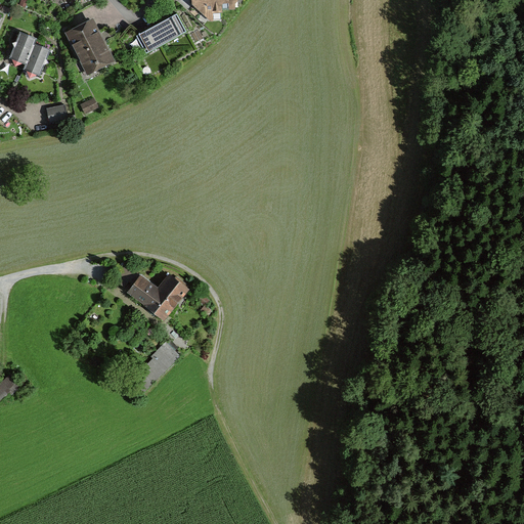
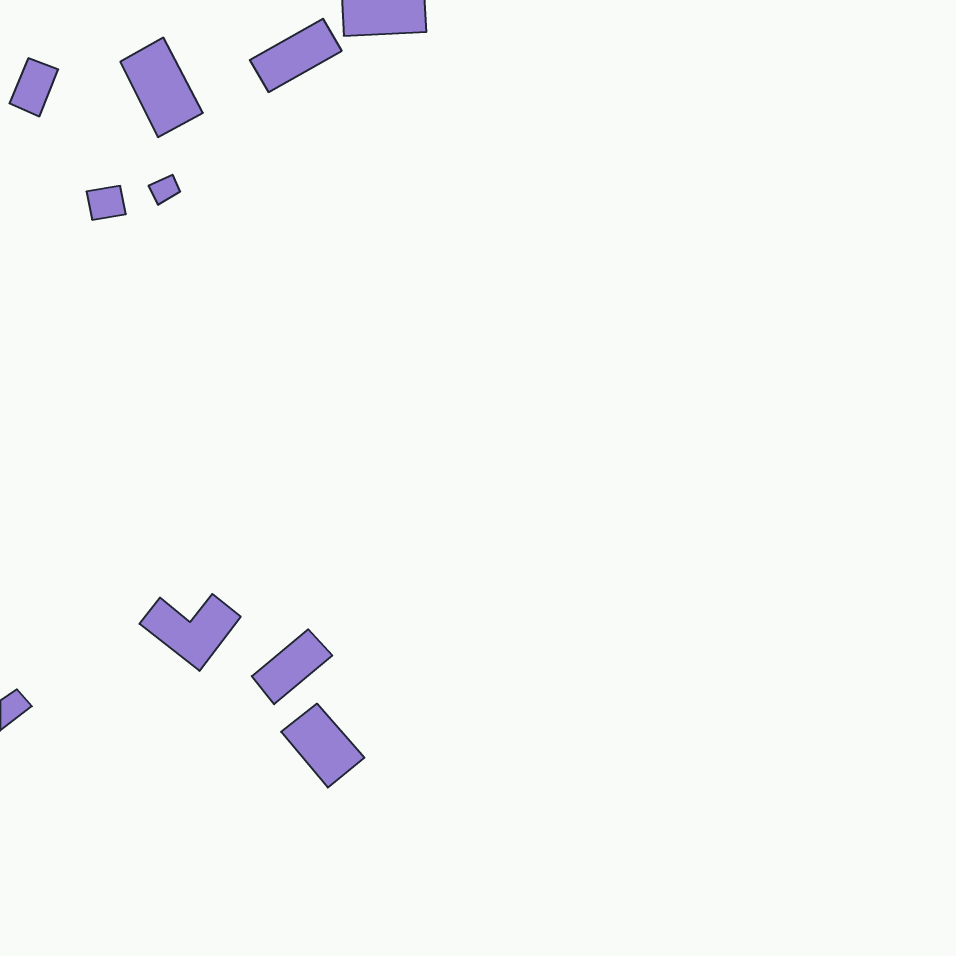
building: [24,42,49,77] -> none
building: [129,274,184,316] -> [139,594,241,671]
building: none -> [281,704,364,788]

